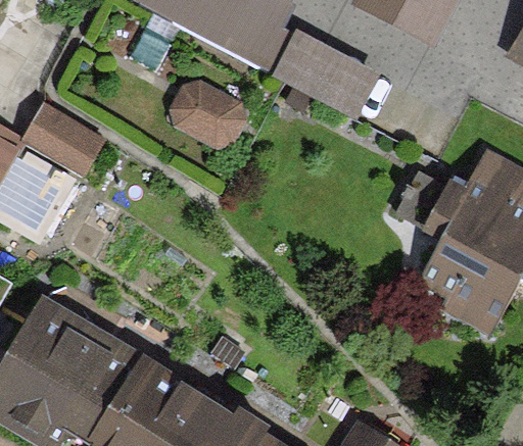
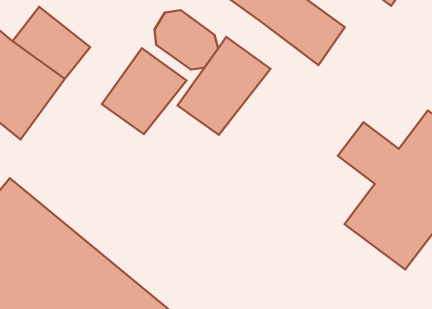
building: none -> [177,37,270,135]
building: none -> [102,48,186,134]

